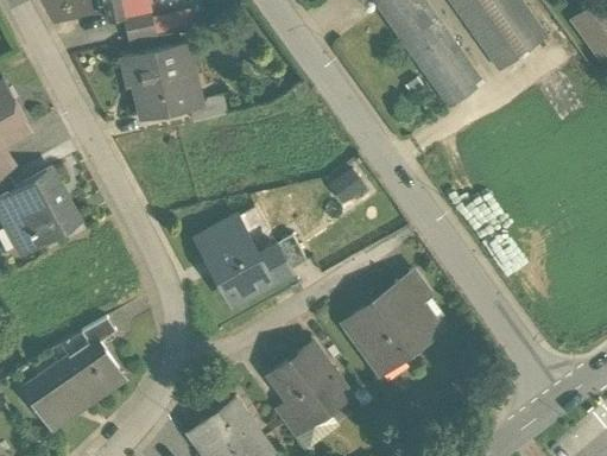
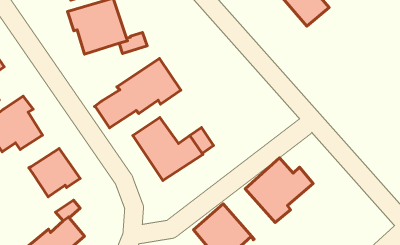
building: none -> [95,59,181,128]
building: none -> [29,148,80,197]
building: [393,270,430,309] -> none

